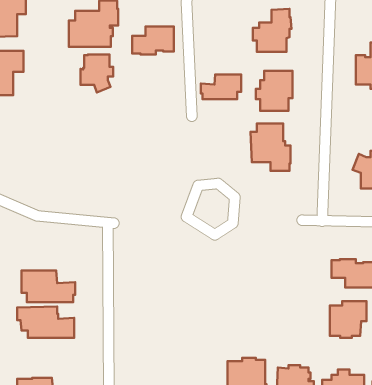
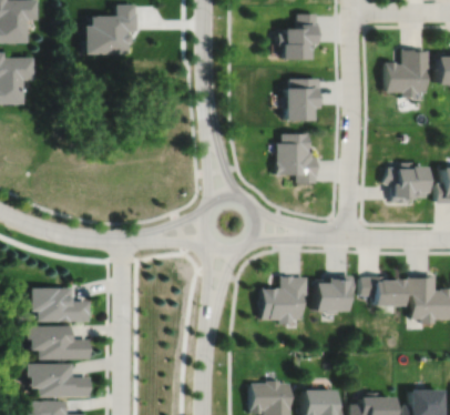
building: [132,27,174,55] -> none
building: [81,54,113,93] -> none
building: [201,74,241,99] -> none
building: none -> [258,276,308,325]
building: [330,301,366,338] -> [315,276,354,315]
building: none -> [29,365,90,399]

